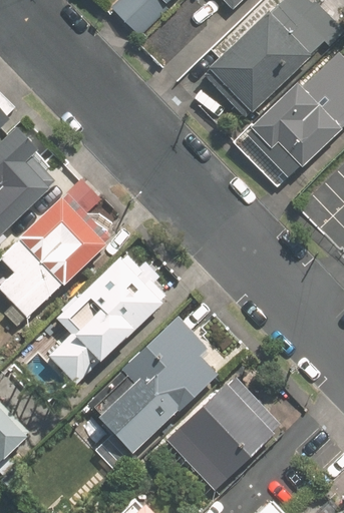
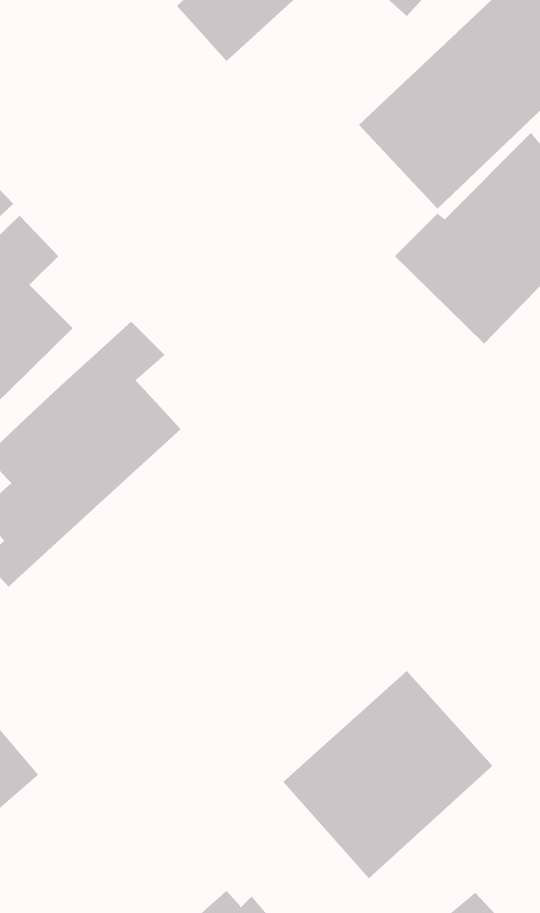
building: [45,252,164,386] -> none
building: [97,316,215,453] -> none

